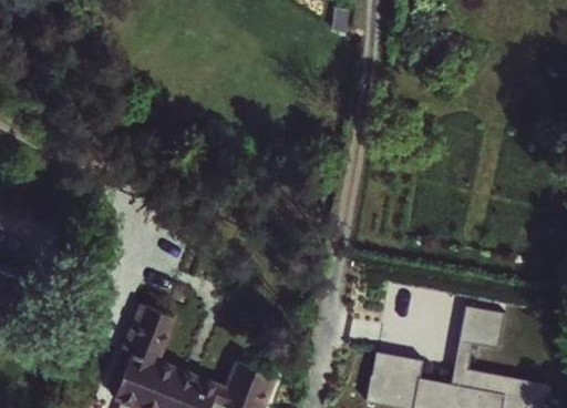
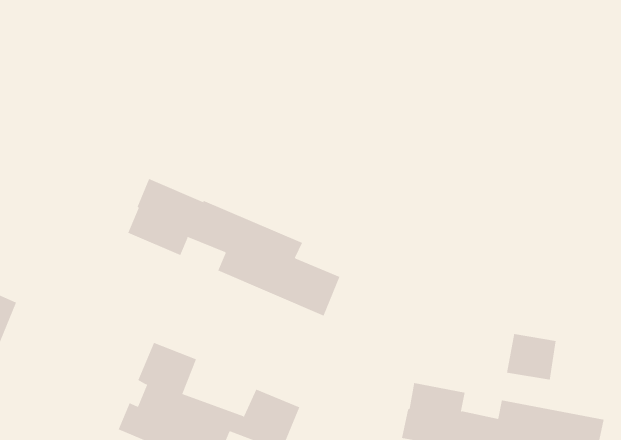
building: none -> [127,178,340,316]

